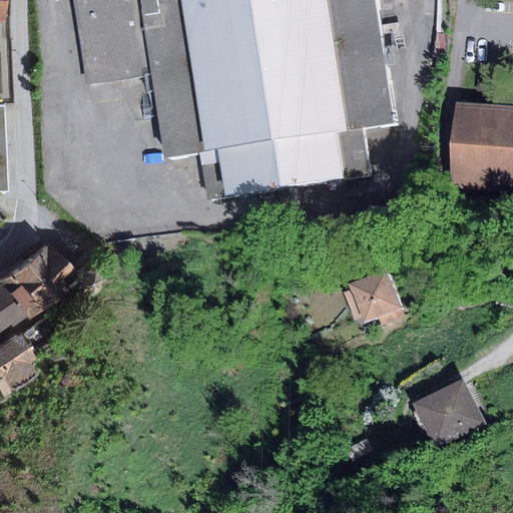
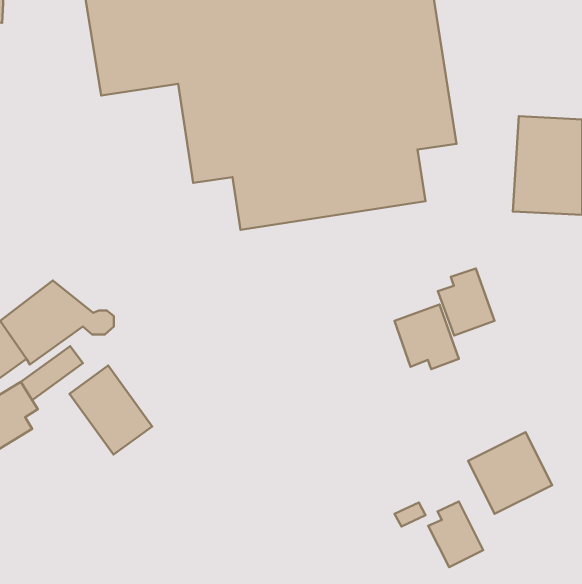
building: none -> [438,268,495,335]
building: none -> [69,366,152,455]
building: none -> [428,501,483,567]

